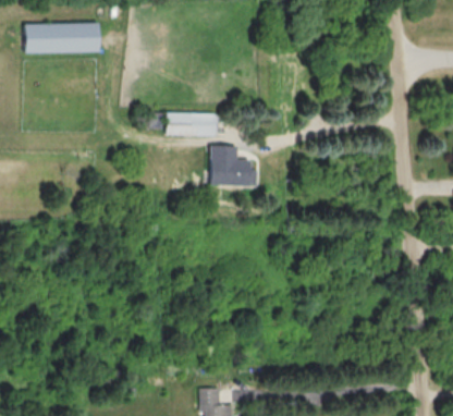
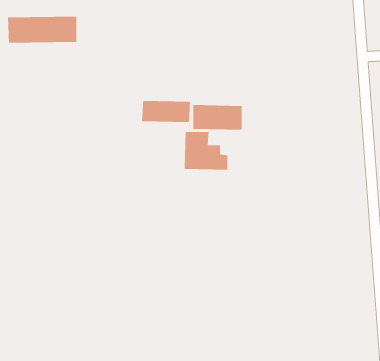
building: none -> [192,104,242,130]

